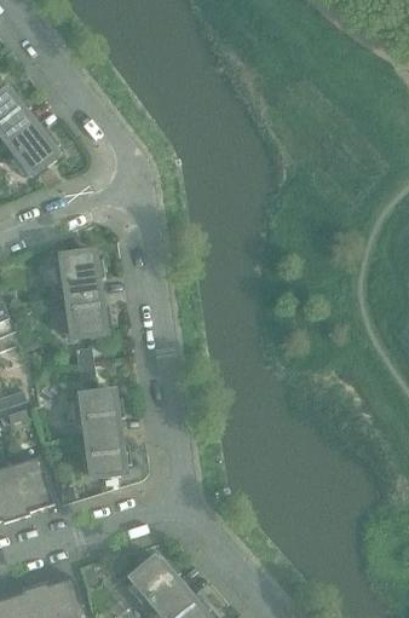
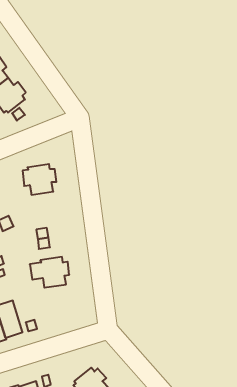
building: [58,293,109,337] -> none
building: [81,432,128,477] -> none

